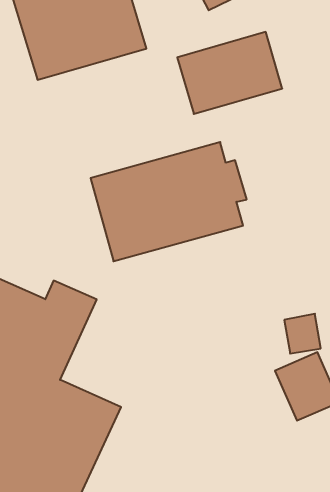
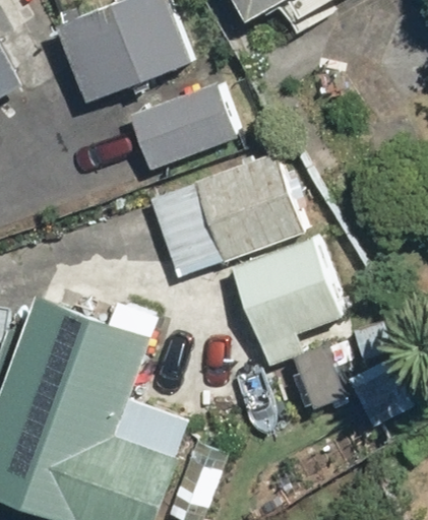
building: [177,32,282,114] -> [127,82,235,170]
building: none -> [230,237,342,365]

